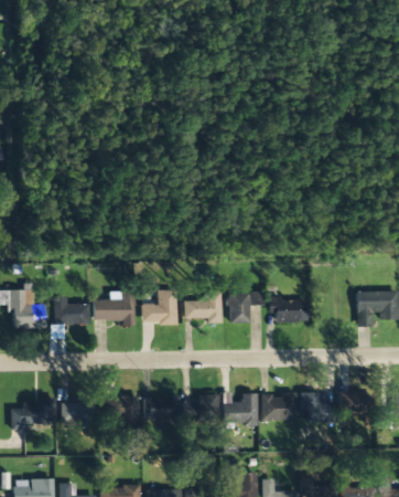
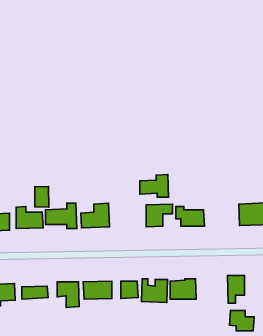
building: none -> [35,186,49,207]
building: [184,293,223,324] -> [140,174,169,197]
building: [300,393,333,421] -> [230,310,254,331]

